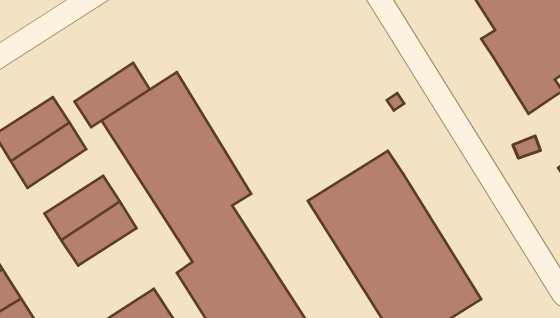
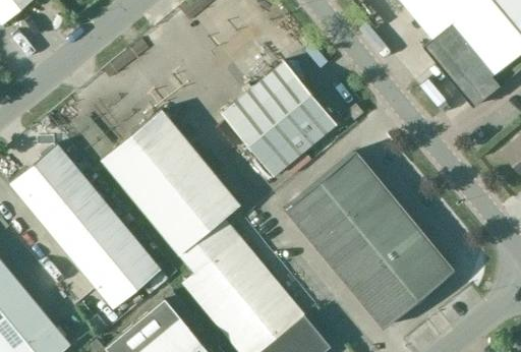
building: none -> [221,62,337,177]
building: [74,63,150,127] -> [45,186,109,246]
building: none -> [97,249,162,309]

